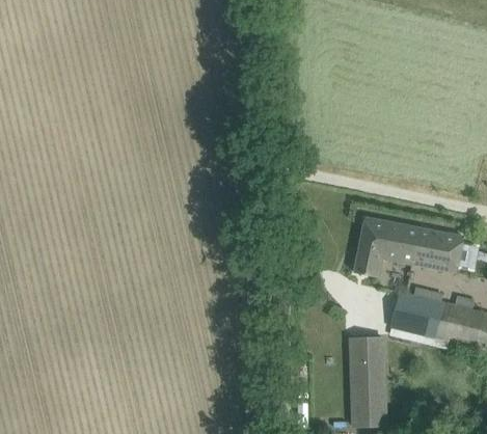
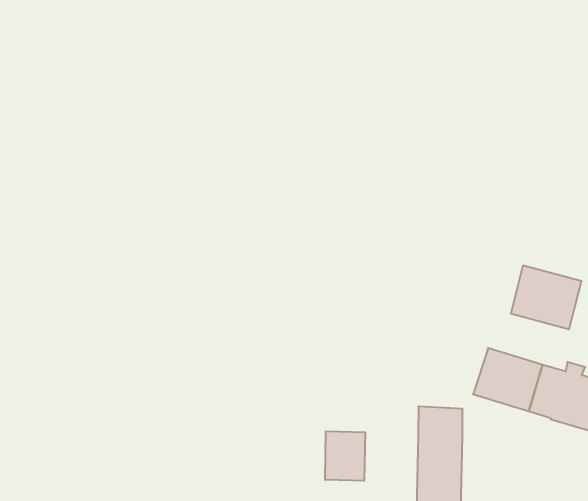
building: [353,217,422,276] -> none
building: none -> [325,431,365,481]

